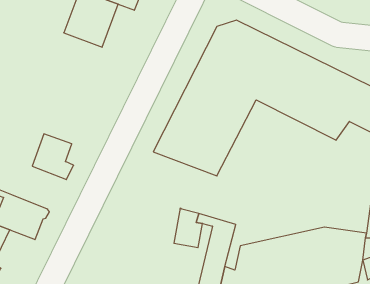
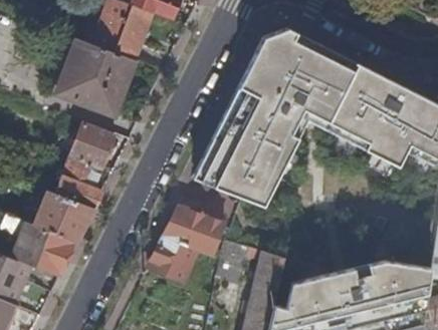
building: none -> [56,38,136,115]
building: none -> [70,121,116,169]
building: none -> [34,191,95,243]
building: none -> [147,210,224,285]

